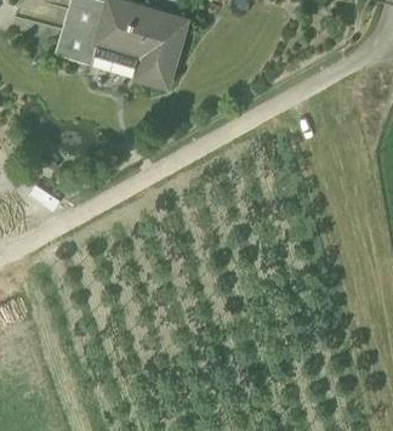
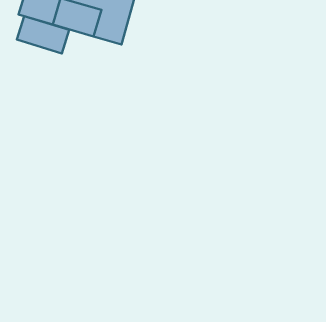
building: none -> [17,16,69,53]

